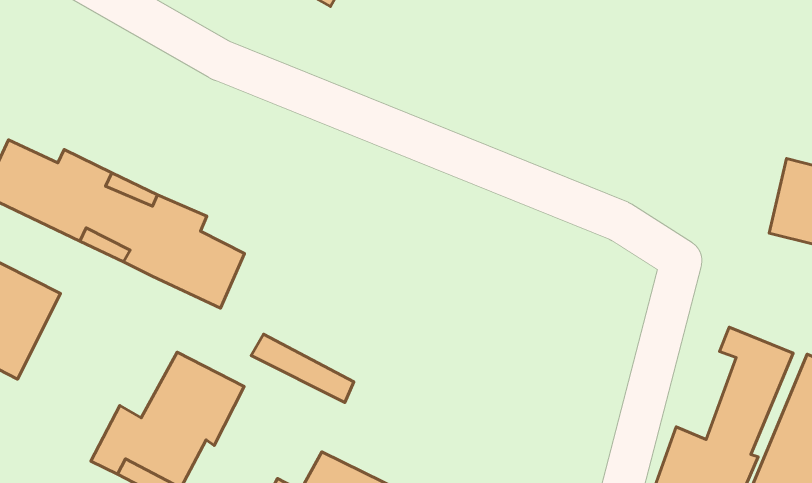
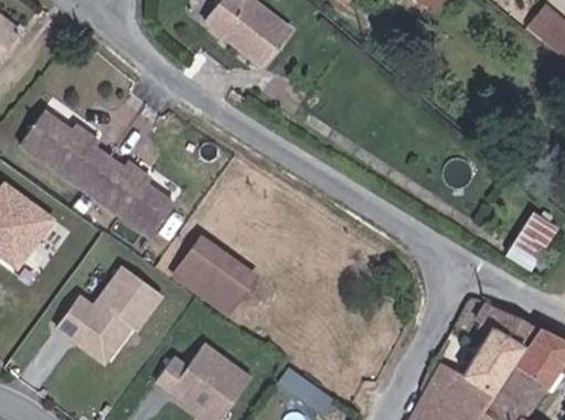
building: none -> [182,241,253,304]

